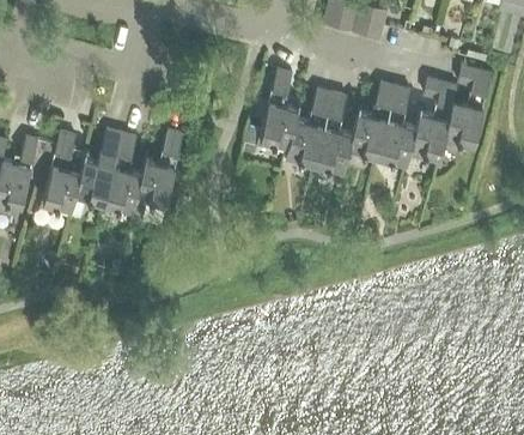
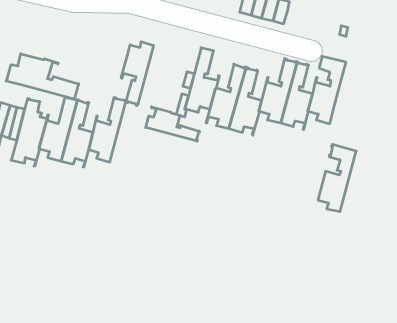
building: none -> [121,42,153,106]
building: [445,64,493,147] -> [318,144,356,212]
building: none -> [6,54,79,99]
building: none -> [146,107,200,141]

